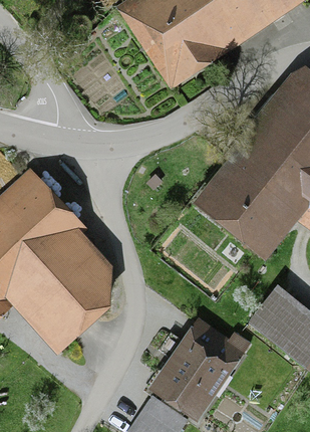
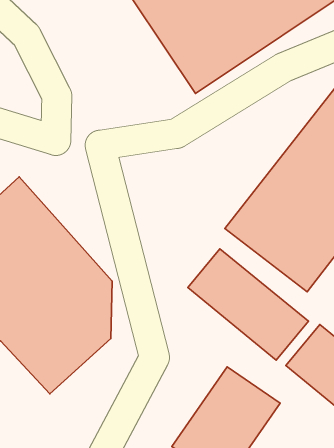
building: none -> [188,249,308,360]

